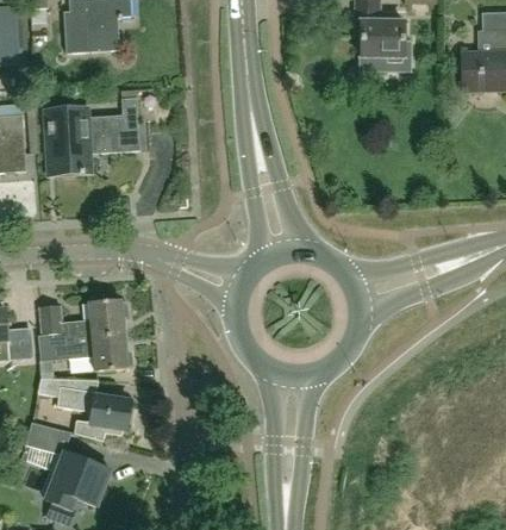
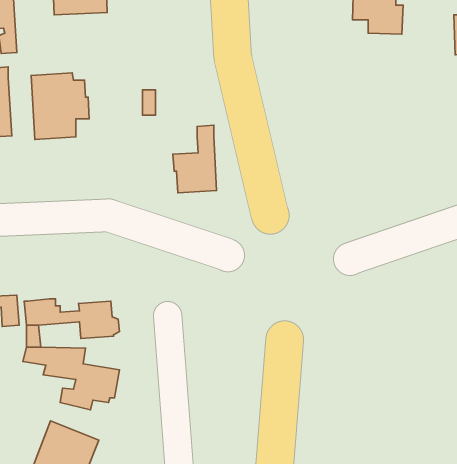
building: [96,87,139,154] -> [173,125,216,193]
building: [38,298,127,344] -> none
building: [26,422,62,451] -> none

